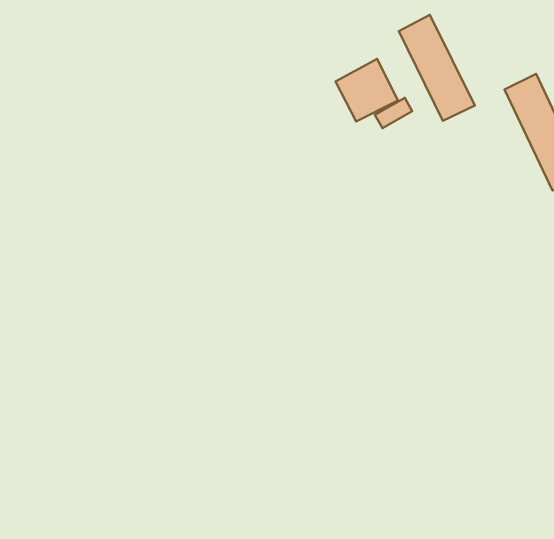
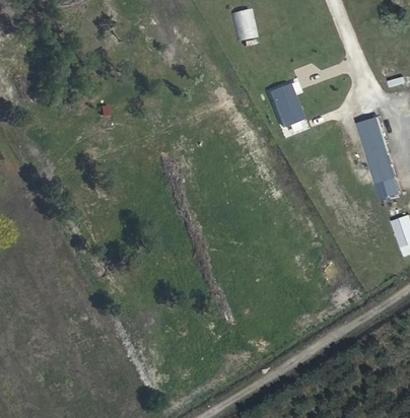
building: [399,15,475,121] -> none

